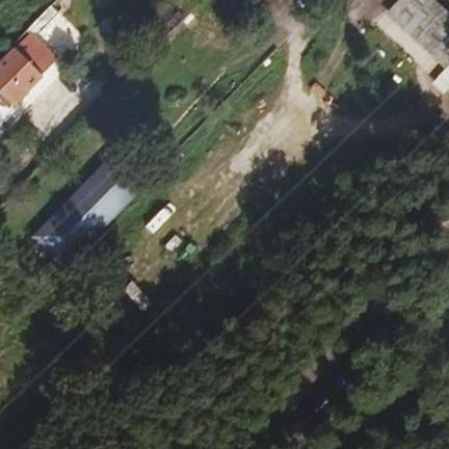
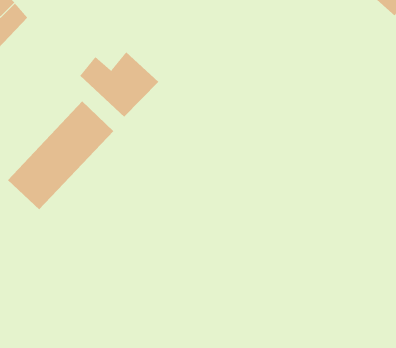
building: none -> [80,51,159,118]

